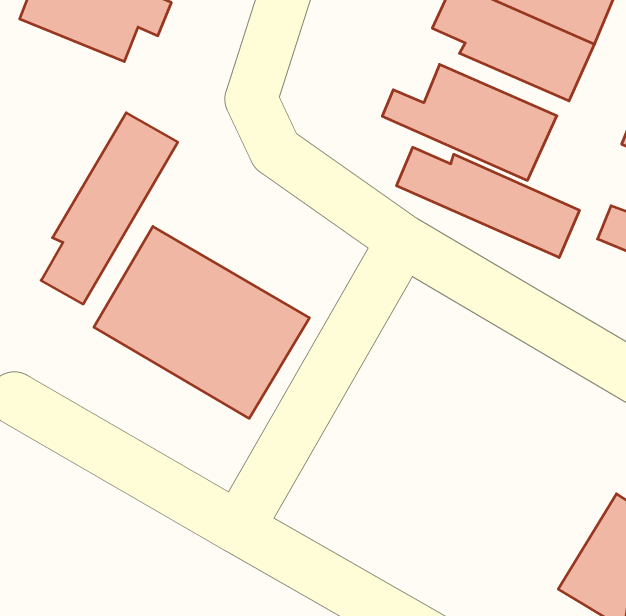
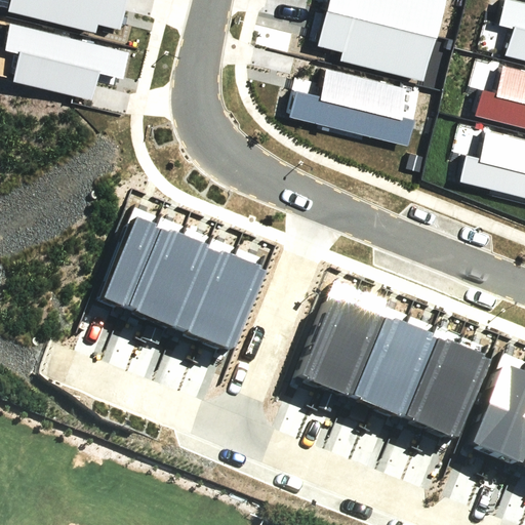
building: [41,113,178,304] -> none
building: [397,147,579,258] -> none
building: none -> [304,294,490,437]

